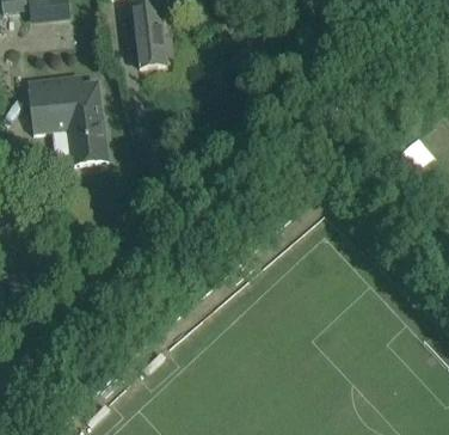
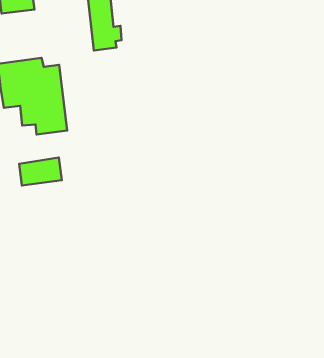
building: none -> [19,158,62,185]

